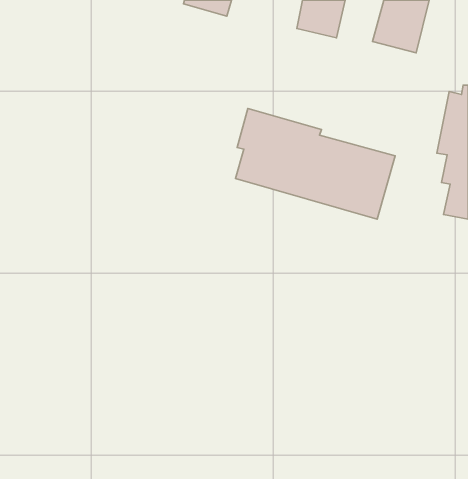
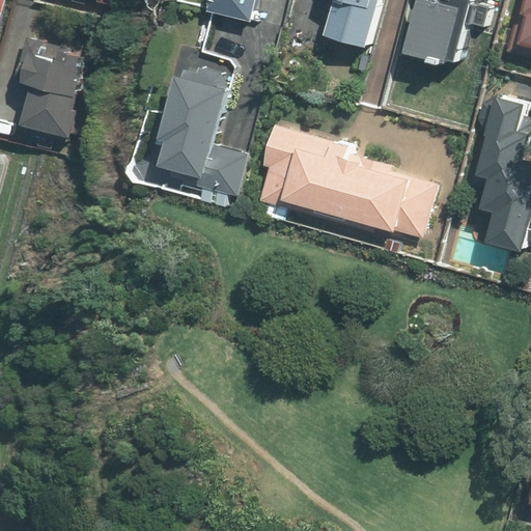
building: none -> [12,28,91,135]
building: none -> [157,69,243,193]

